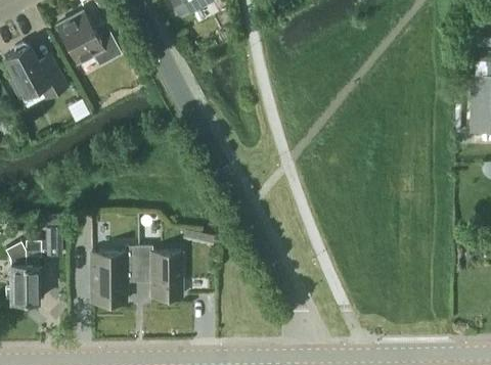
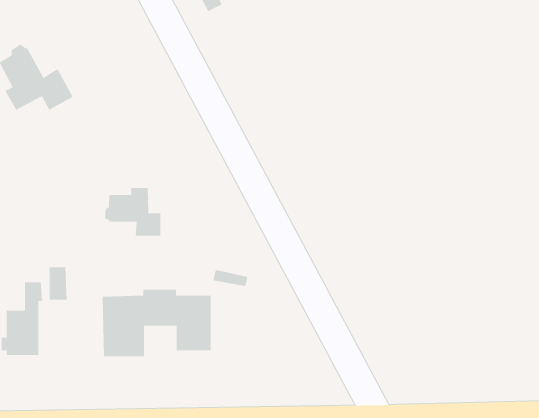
building: [57,12,121,65] -> none
building: none -> [105,187,161,237]

